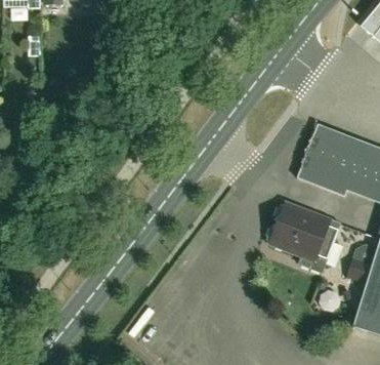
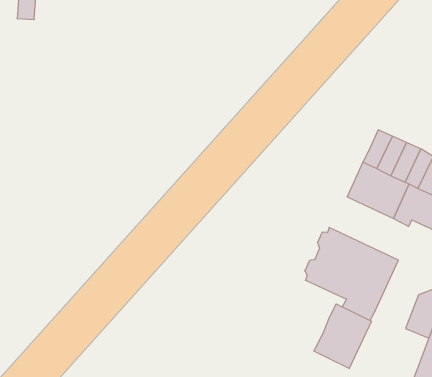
building: none -> [314,304,372,369]

